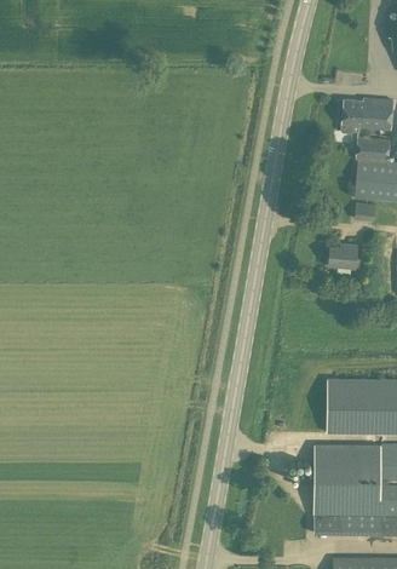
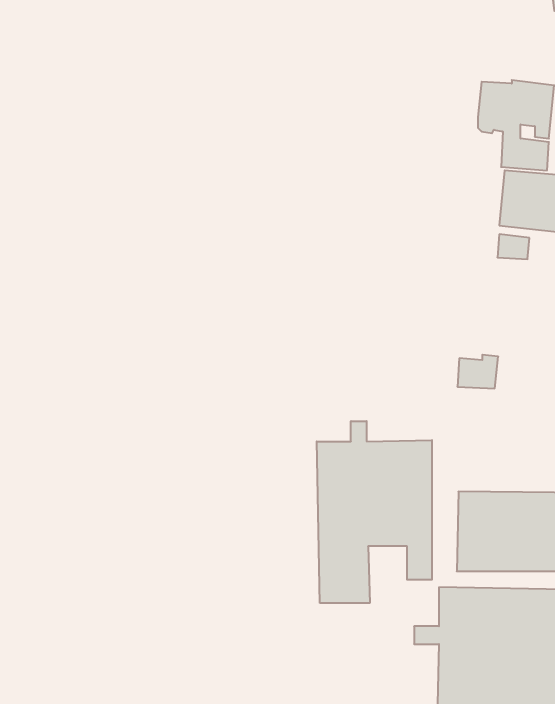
building: [329,245,357,268] -> [457,355,498,388]
building: none -> [317,421,432,603]

